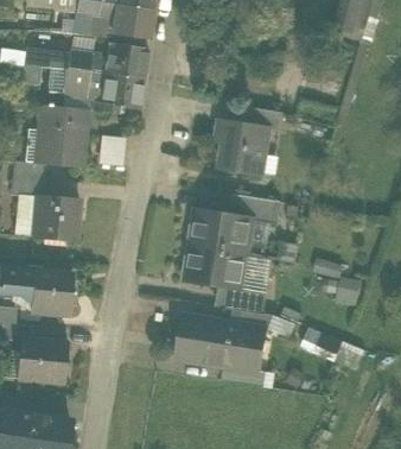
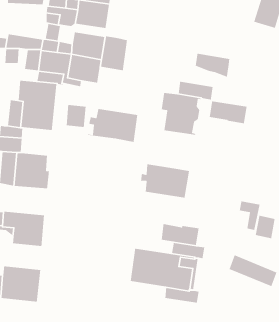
building: none -> [100,35,128,71]
building: none -> [195,53,230,78]
building: [233,192,281,222] -> [209,101,247,124]
building: [185,245,249,289] -> [87,108,138,143]

